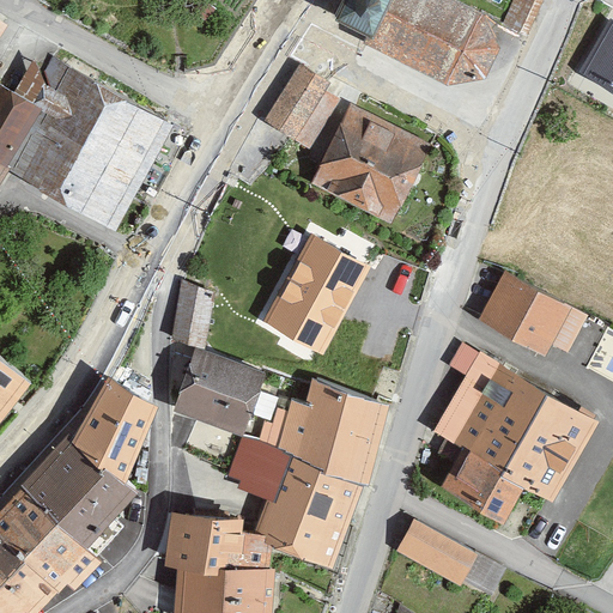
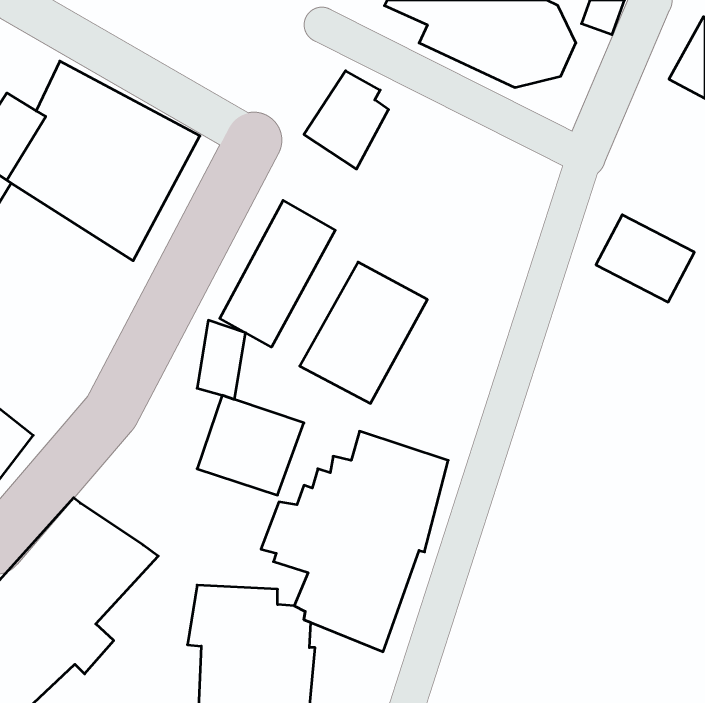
building: [310,105,425,223] -> none
building: none -> [220,200,335,347]
building: [491,273,576,348] -> [596,215,694,302]
building: [433,351,603,515] -> none
building: [69,375,156,475] -> none
building: [394,520,504,597] -> none

